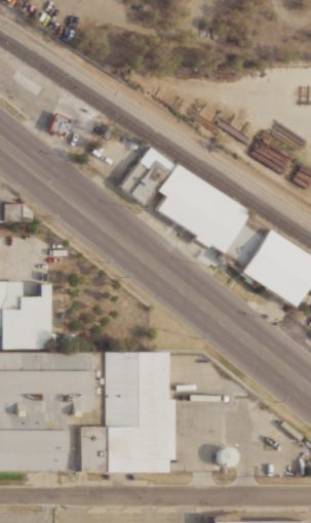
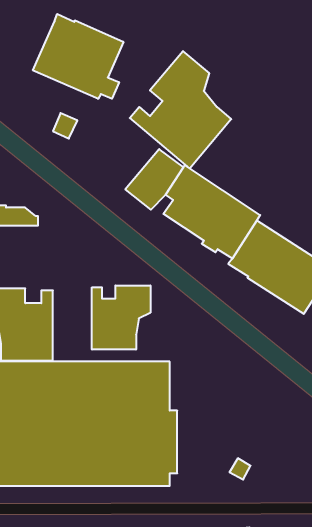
building: none -> [33,14,123,99]
building: none -> [130,51,231,168]
building: none -> [92,285,150,350]

